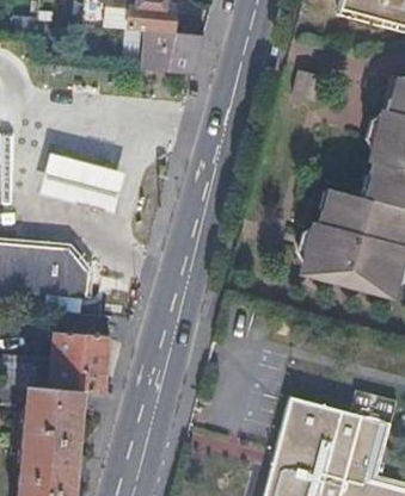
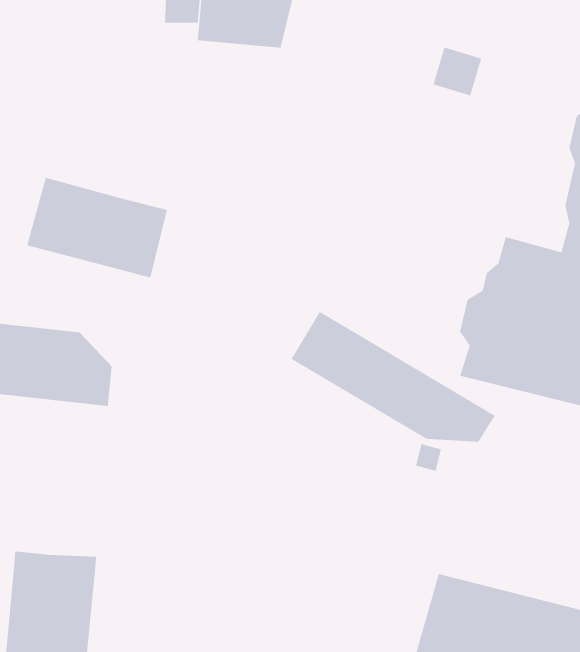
building: none -> [291,311,496,443]
building: [50,331,109,391] -> none

